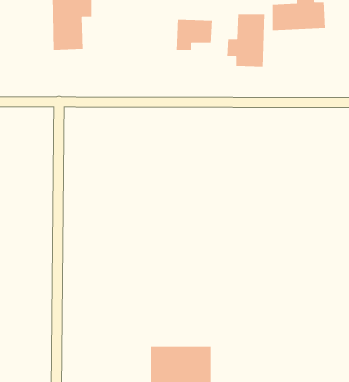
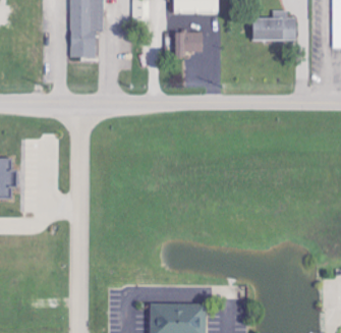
building: [227,14,265,67] -> none

